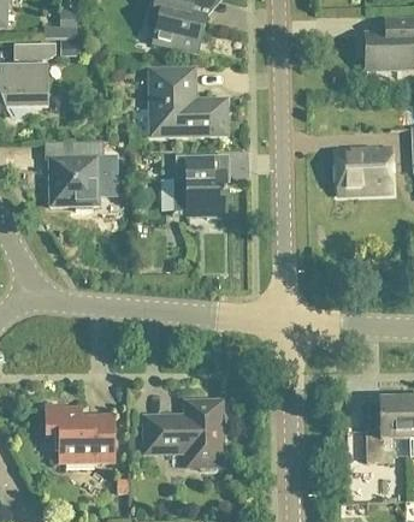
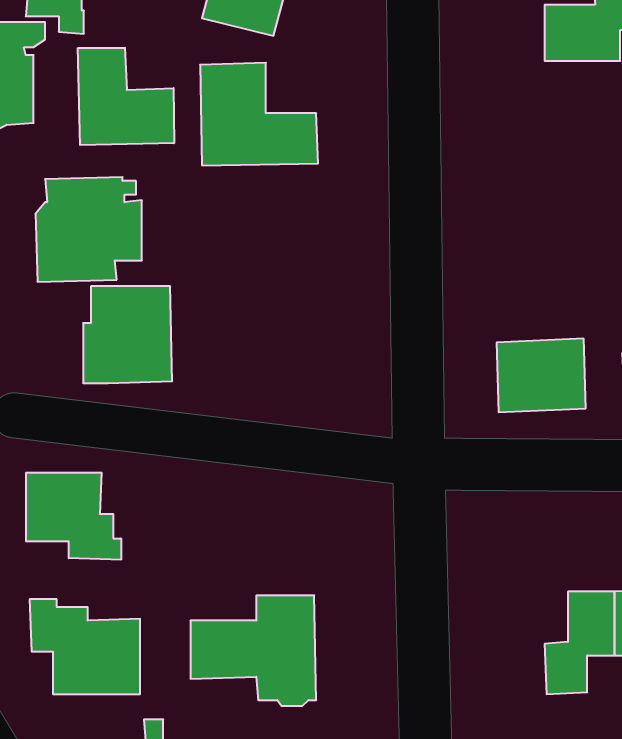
building: none -> [78,48,174,145]
building: [336,148,391,194] -> [497,339,586,412]
building: [170,155,225,215] -> [83,286,172,383]
building: none -> [26,473,121,560]

